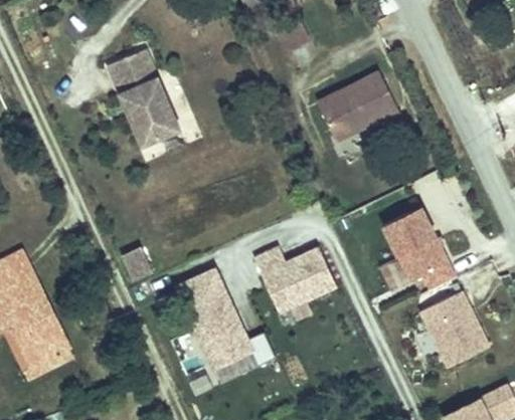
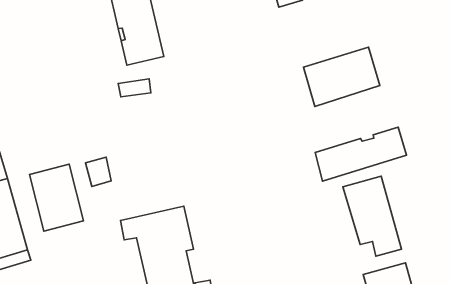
building: none -> [315,127,406,181]
building: none -> [29,164,84,231]
building: [249,250,335,321] -> none

